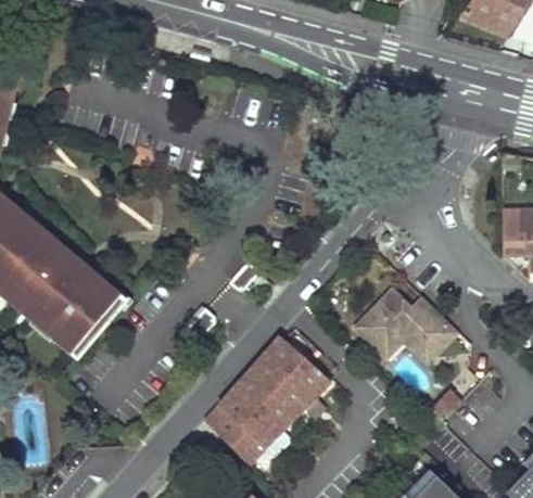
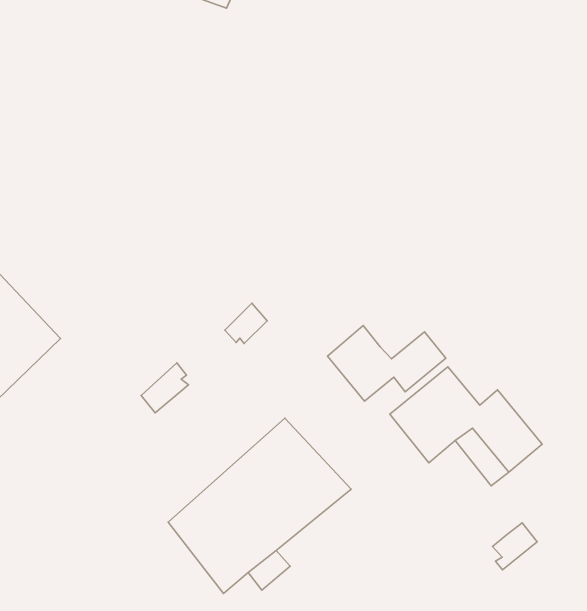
building: none -> [328,326,446,401]

